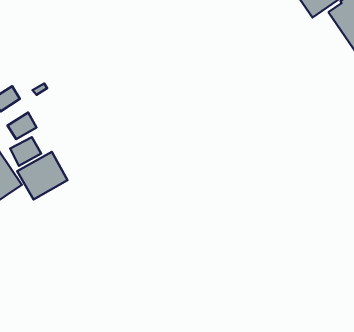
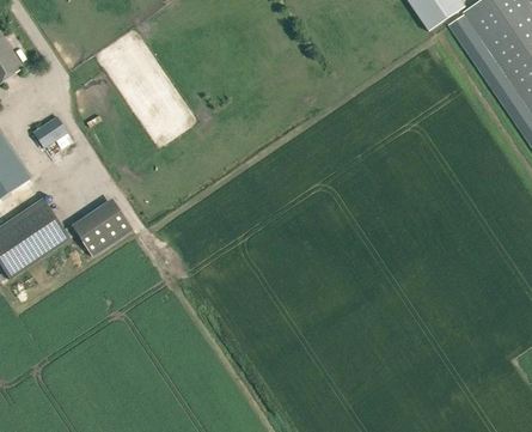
building: [8,113,37,139] -> none
building: [10,137,41,166] -> none

